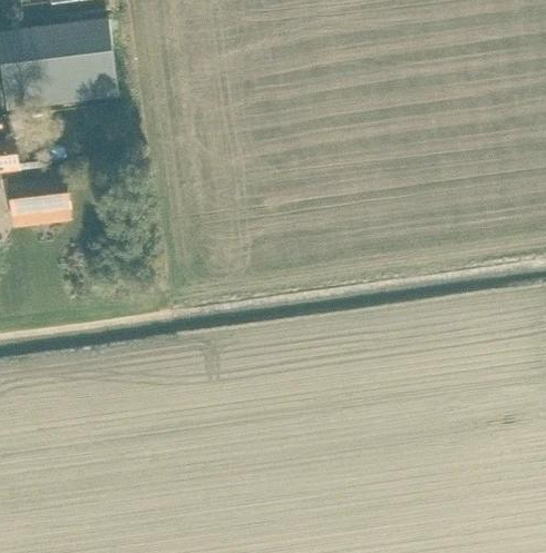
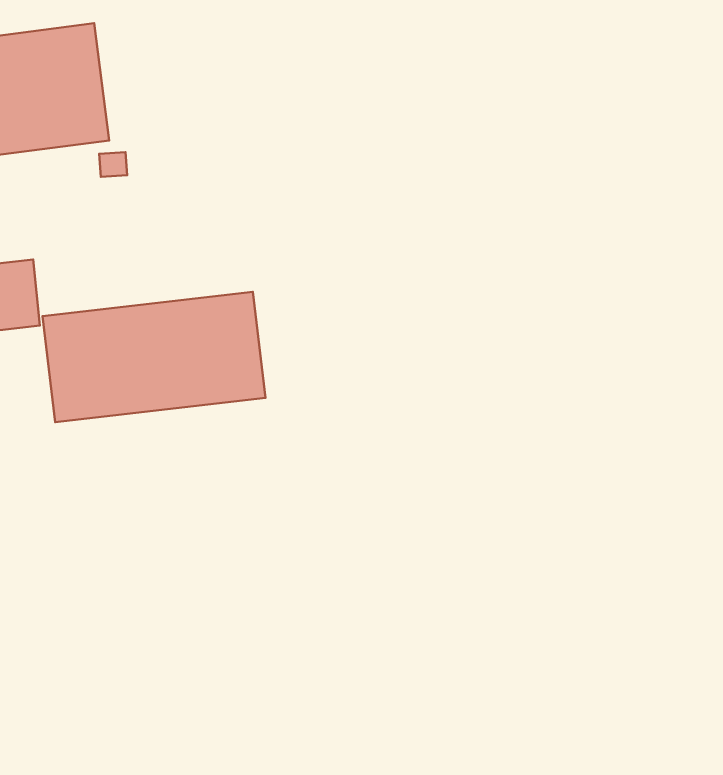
building: none -> [43,292,266,422]

